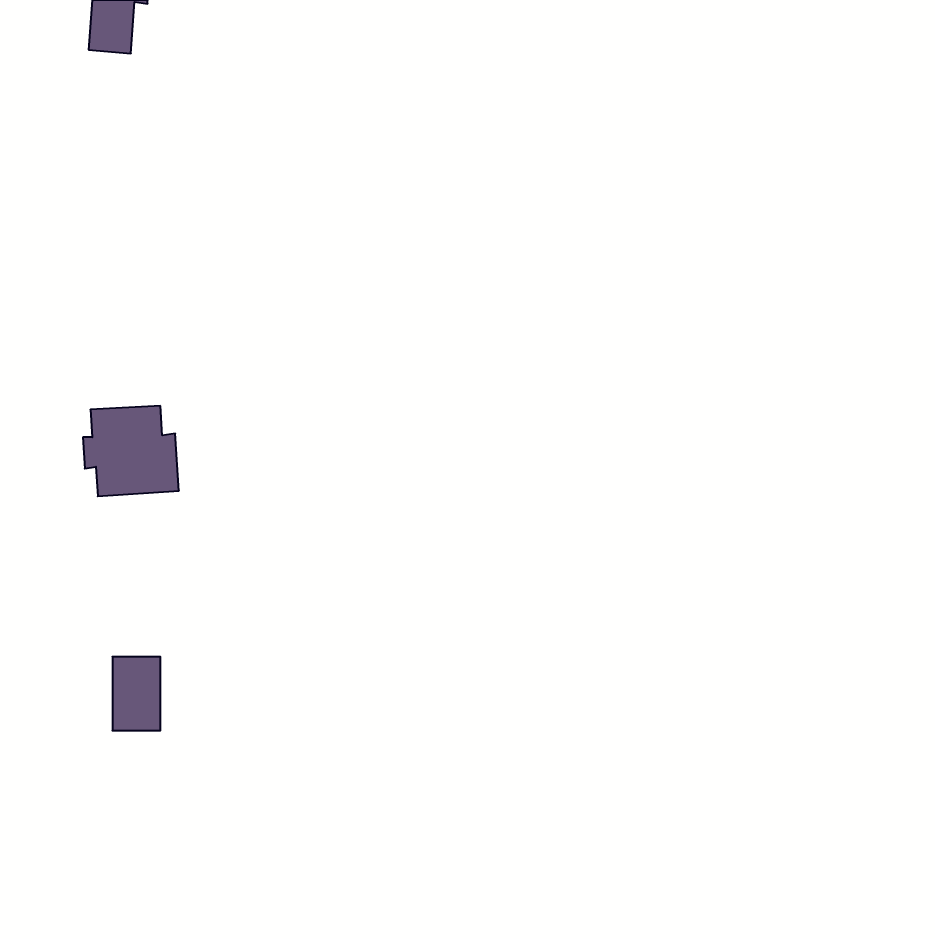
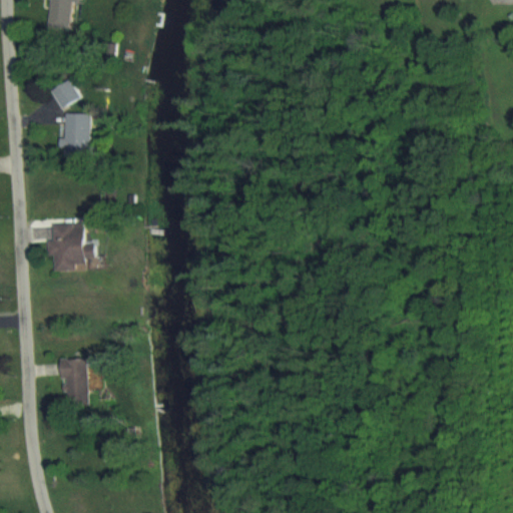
building: none -> [47,75,80,109]
building: none -> [60,113,89,158]

